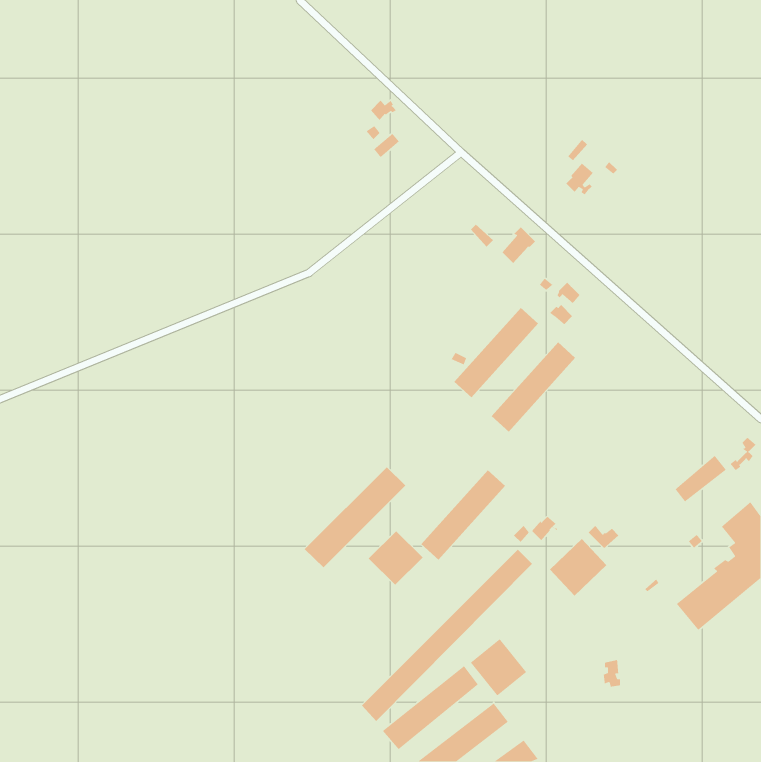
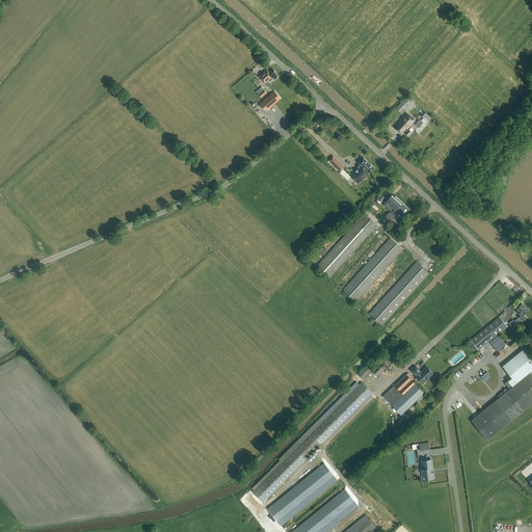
building: [304,466,406,568] -> none
building: [421,469,506,560] -> [369,262,428,325]
building: [368,530,424,586] -> none
building: [470,638,527,696] -> none

